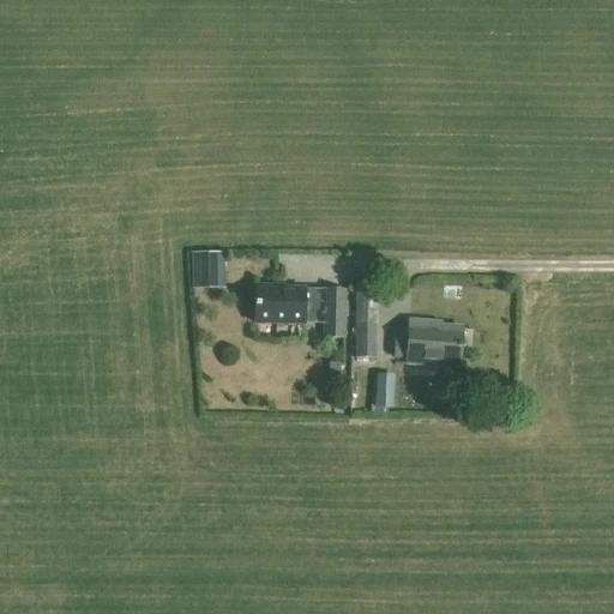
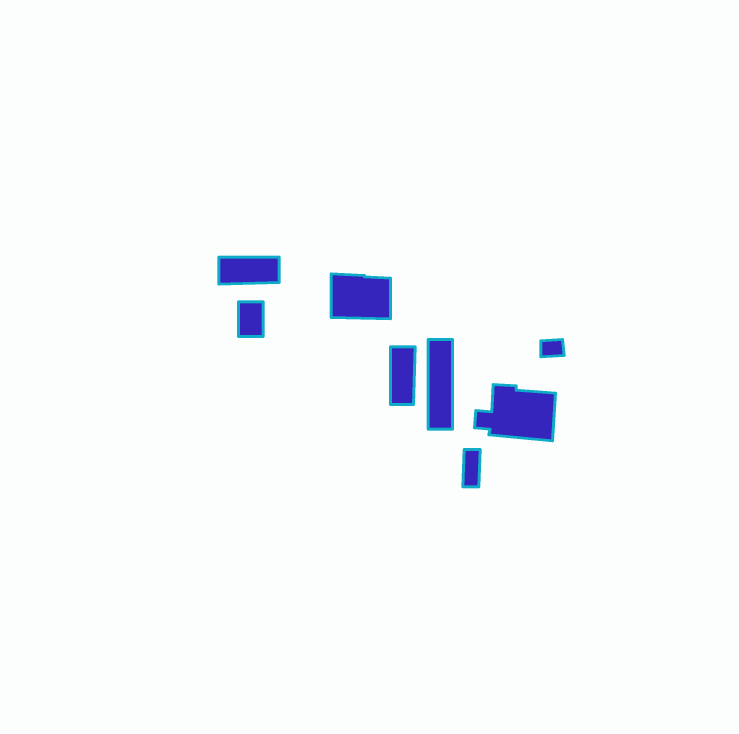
building: none -> [219,257,279,284]
building: [254,284,303,321] -> [331,274,390,319]

